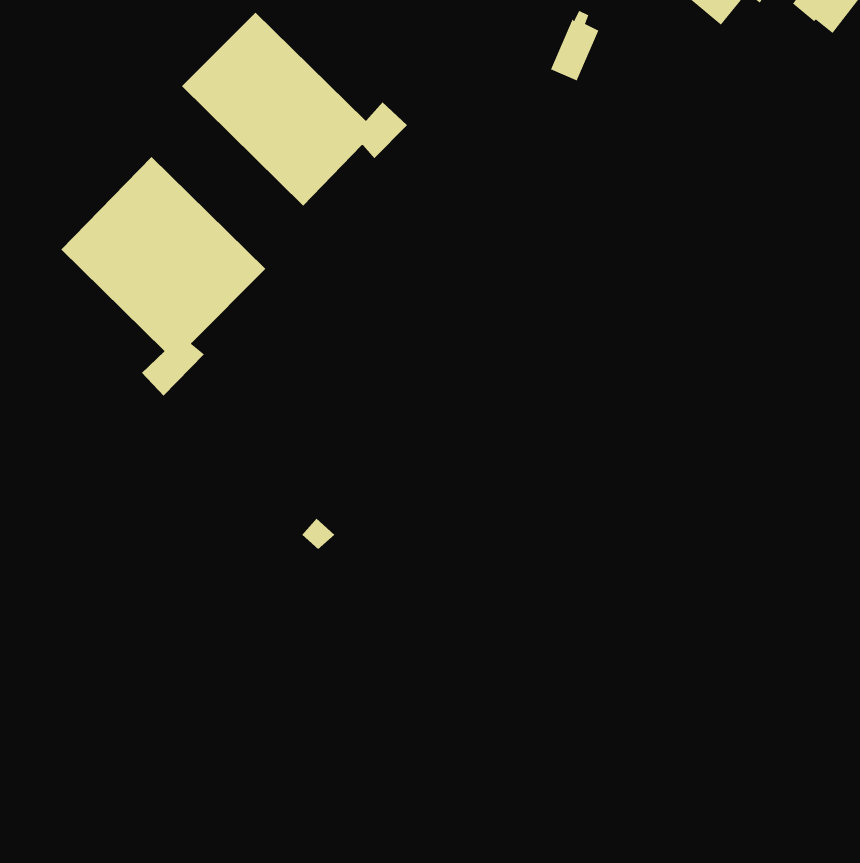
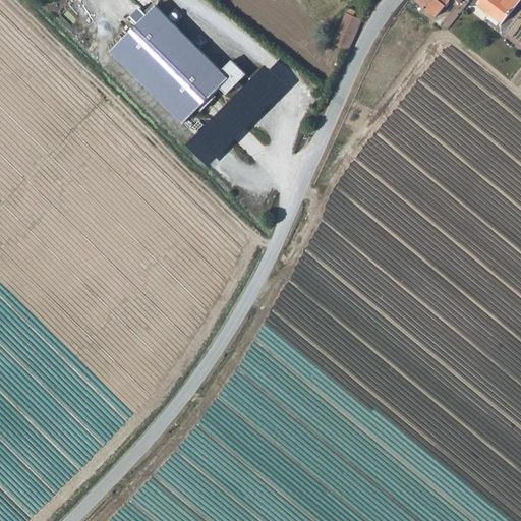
building: [61,156,266,396] -> none

